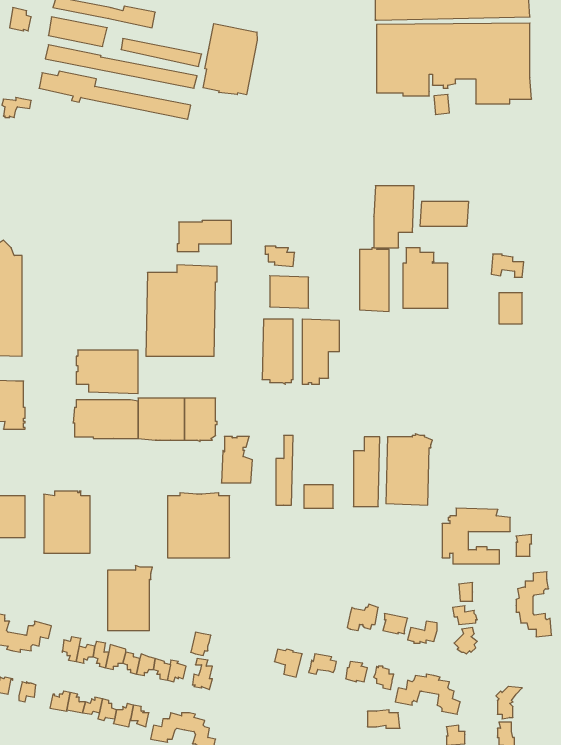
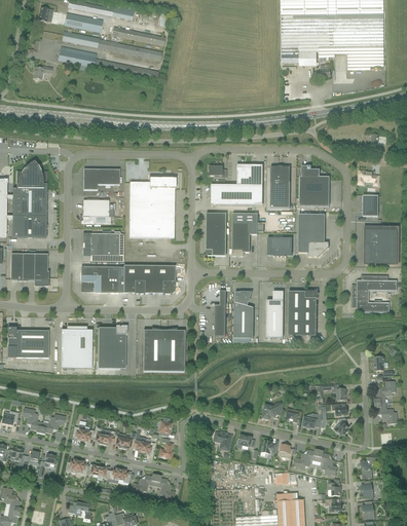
building: [203,24,257,95] -> none
building: [374,186,414,248] -> [236,164,263,205]
building: [420,201,468,226] -> none
building: [177,221,231,252] -> [83,168,119,189]
building: none -> [81,199,110,223]
building: none -> [298,214,329,257]
building: none -> [363,227,398,263]
building: none -> [267,237,292,256]
building: [221,436,252,483] -> [233,292,254,323]
building: [442,508,510,564] -> [351,274,397,311]
building: [108,566,152,631] -> [98,325,127,368]

